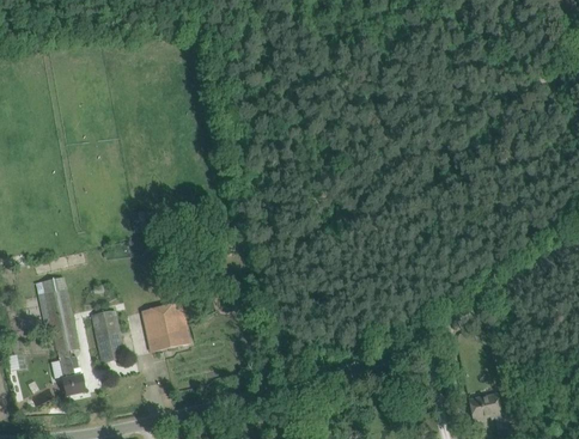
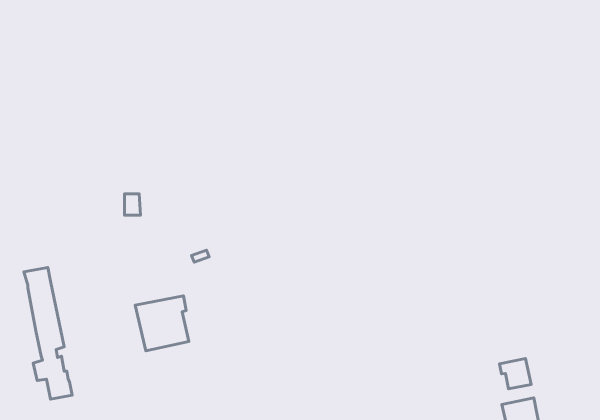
building: [92,312,126,364] -> none
building: none -> [499,358,531,389]

